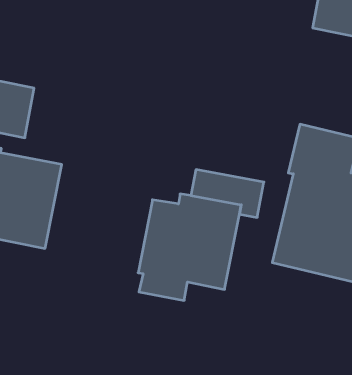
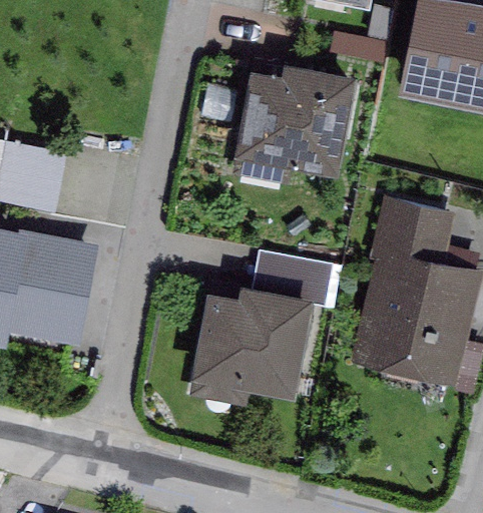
building: none -> [233,58,356,186]

